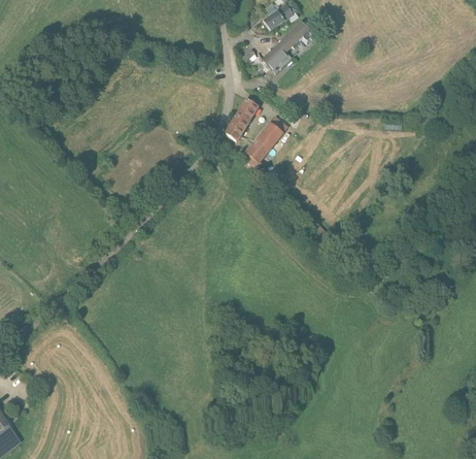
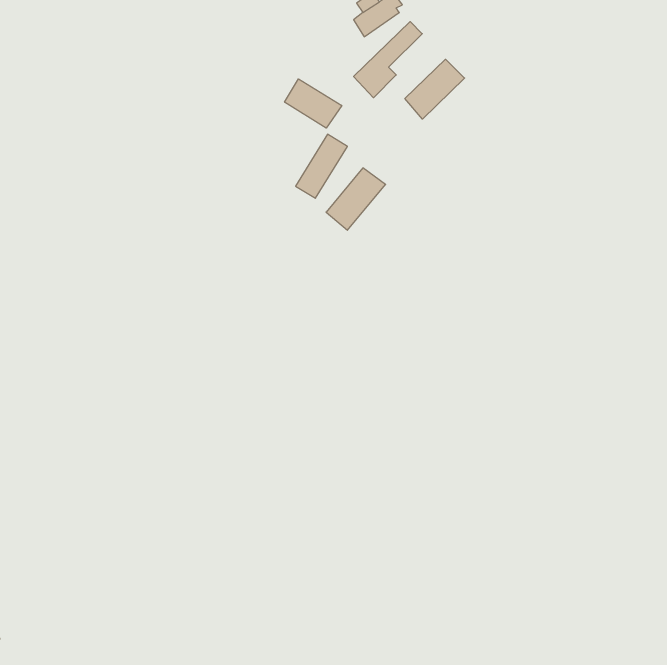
building: none -> [405,59,465,119]
building: none -> [285,79,342,128]

